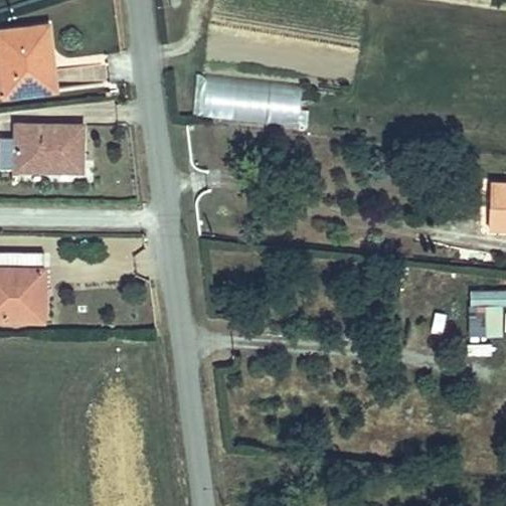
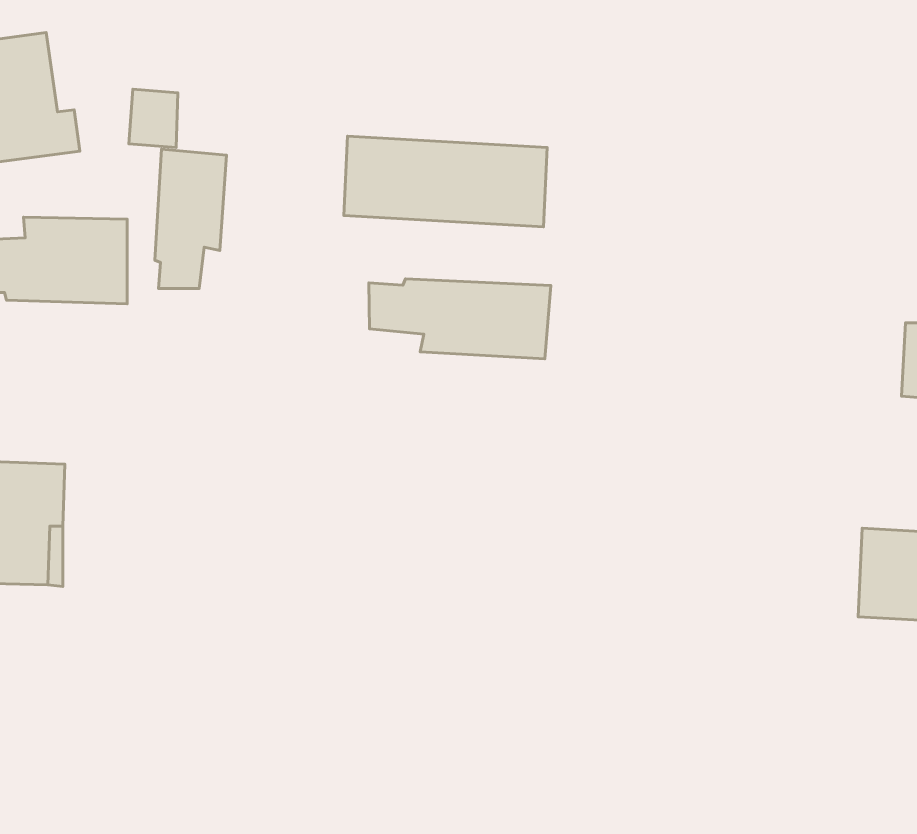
building: none -> [155,149,226,289]
building: none -> [369,279,551,359]

